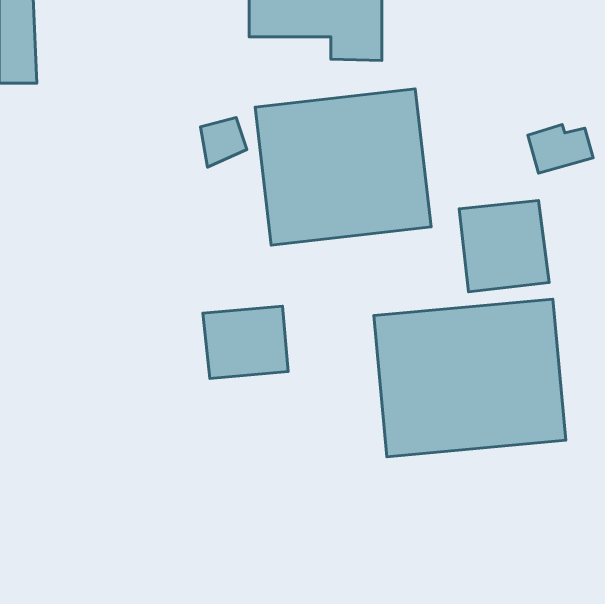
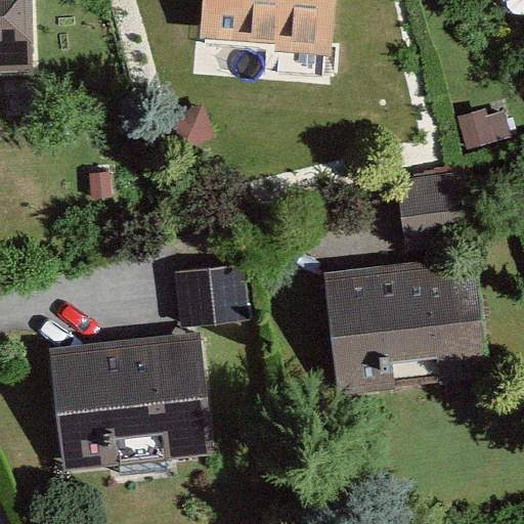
building: [255,89,431,245] -> none
building: none -> [49,333,212,468]

